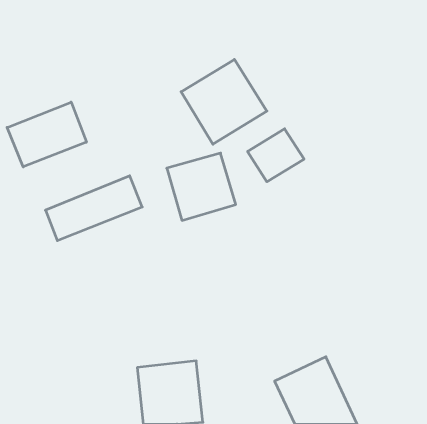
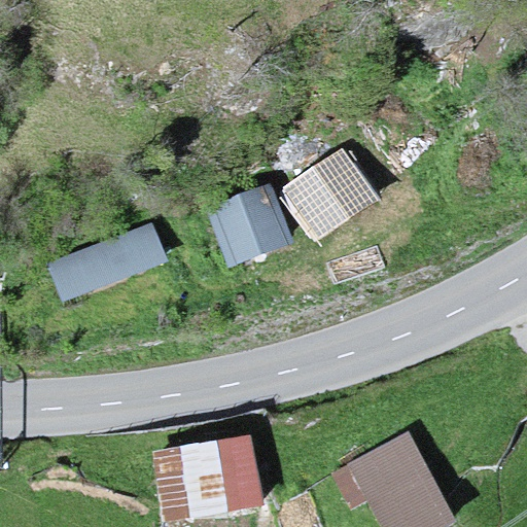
building: [181,59,267,144] -> none
building: [7,102,86,167] -> none

